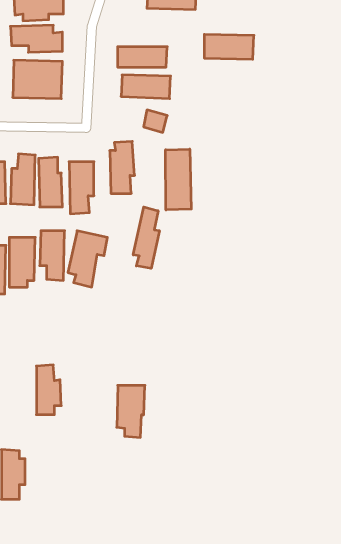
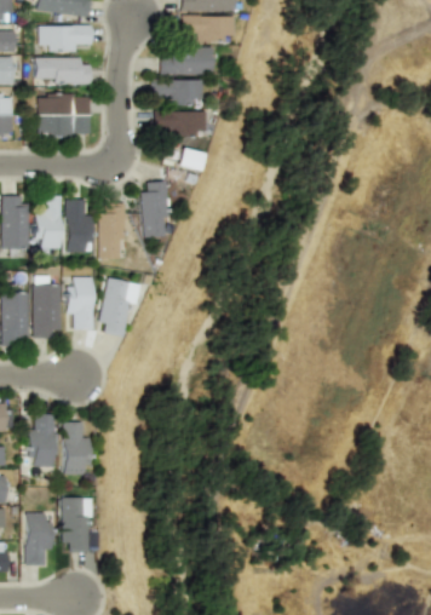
building: [204,34,254,59] -> [160,48,213,75]
building: [166,149,191,210] -> none
building: [133,207,159,268] -> none
building: none -> [29,414,54,466]
building: [117,385,145,437] -> [61,498,91,553]

